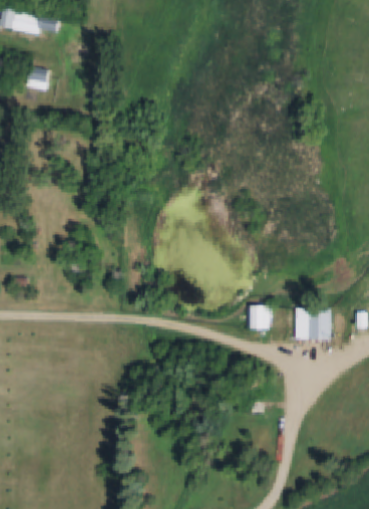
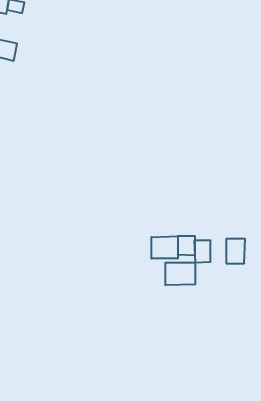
building: none -> [151,236,178,259]
building: none -> [165,263,195,285]

